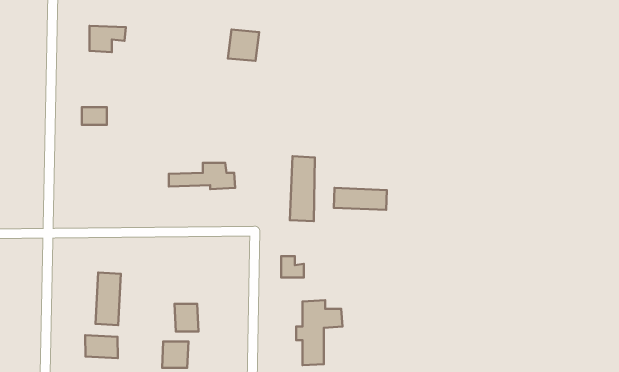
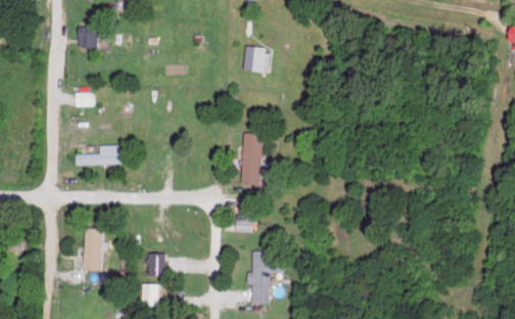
building: [228,30,259,61] -> [242,47,268,73]
building: [169,163,235,189] -> [72,146,126,168]
building: [334,188,387,210] -> none
building: [85,335,118,358] -> none

